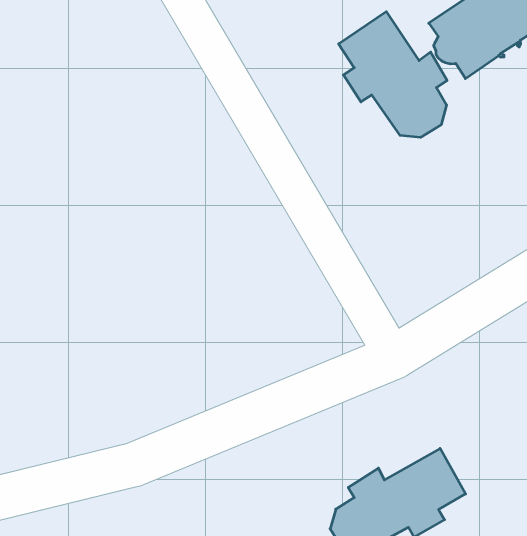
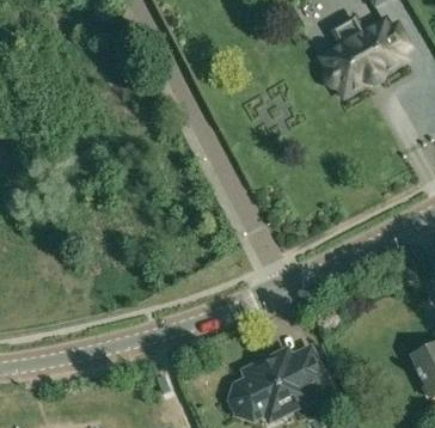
building: [339,12,447,137] -> none

